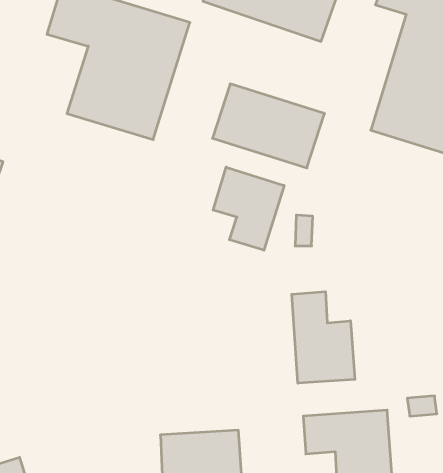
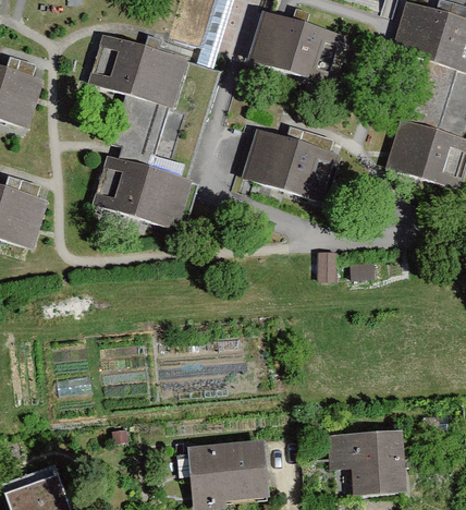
building: none -> [93,155,196,231]
building: [213,167,284,250] -> none
building: [292,292,355,383] -> none

